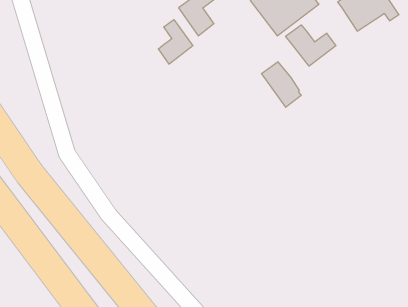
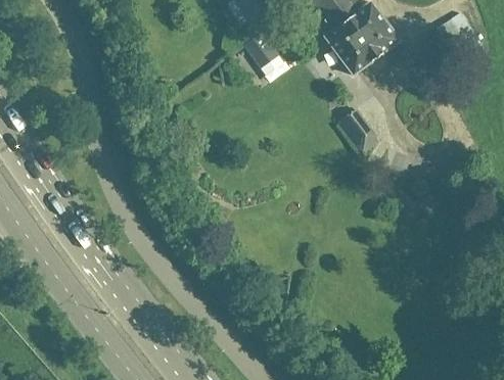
building: [158,20,193,64] -> none
building: [286,25,336,66] -> none

